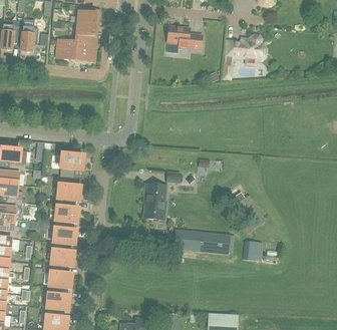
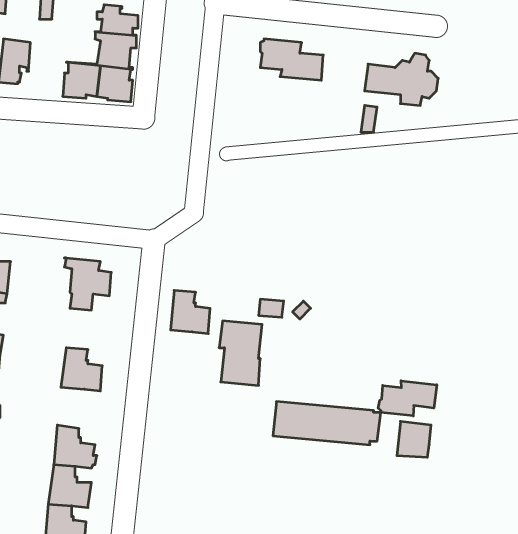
building: [58,177,80,201] -> [171,290,210,334]
building: none -> [378,381,437,416]
building: [53,221,76,244] -> none

